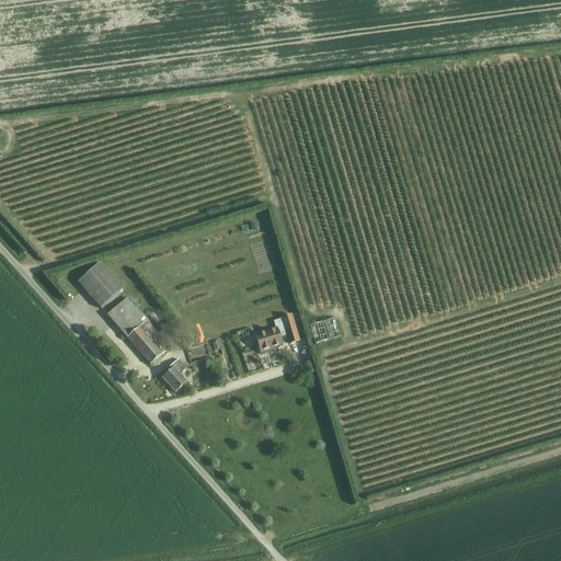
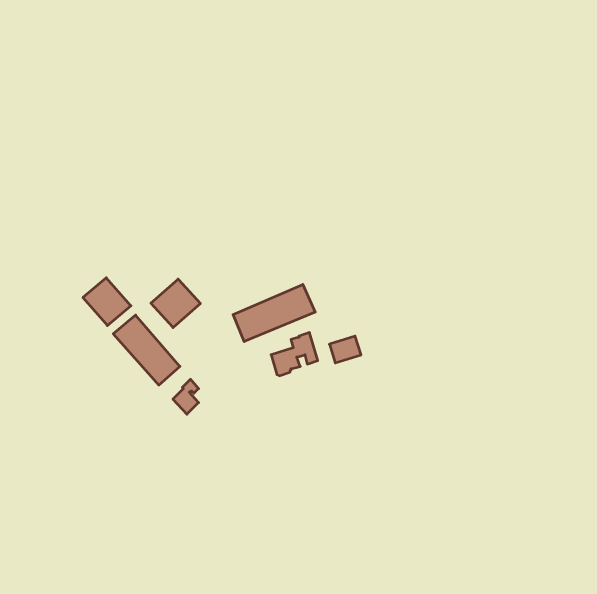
building: none -> [151,279,200,328]
building: none -> [233,284,315,342]

